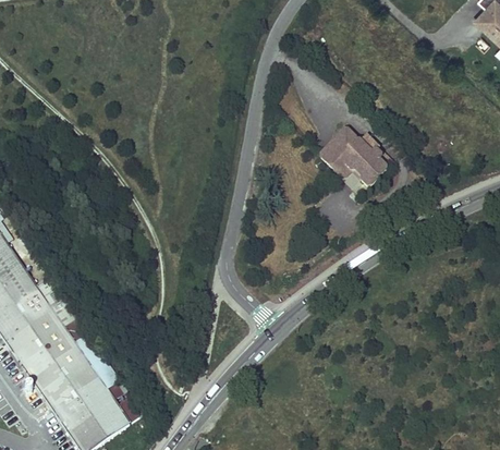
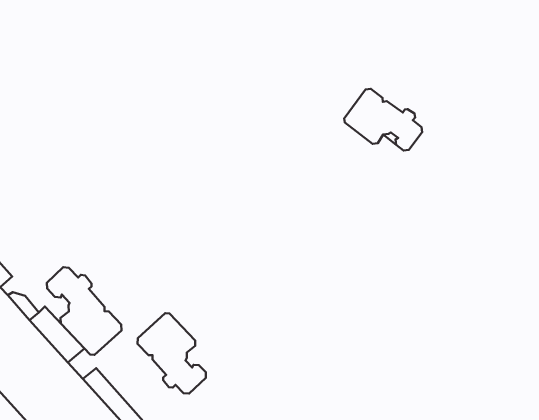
building: none -> [47,267,122,355]
building: none -> [138,313,206,394]

